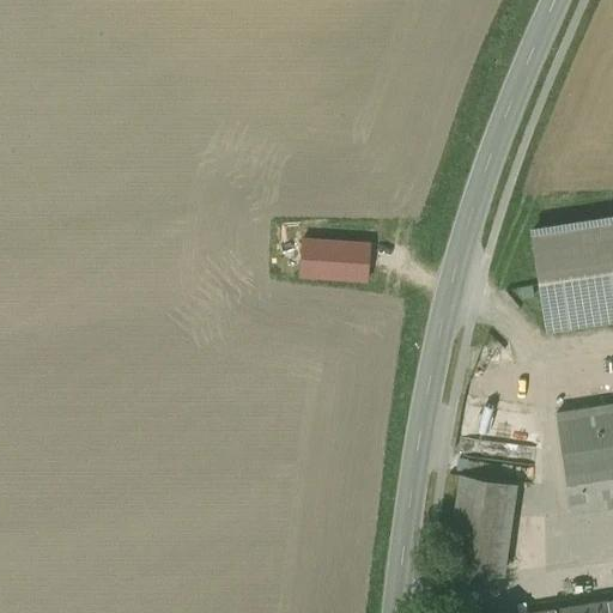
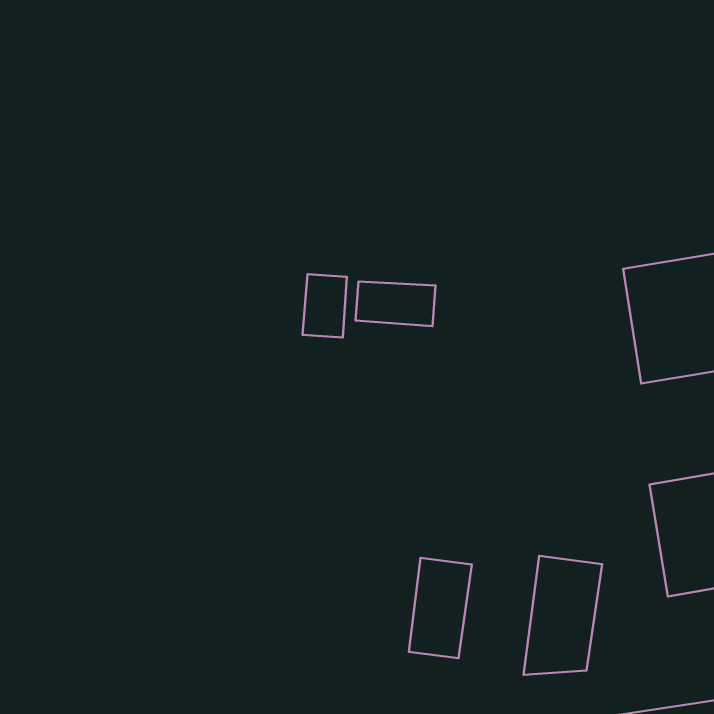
building: none -> [302,274,347,338]
building: none -> [409,558,472,658]

